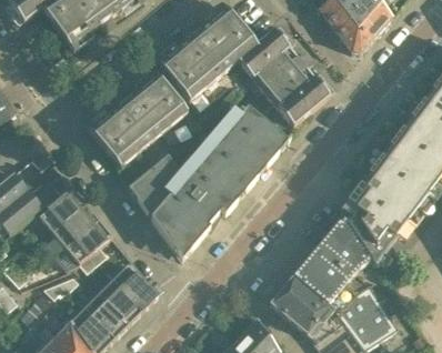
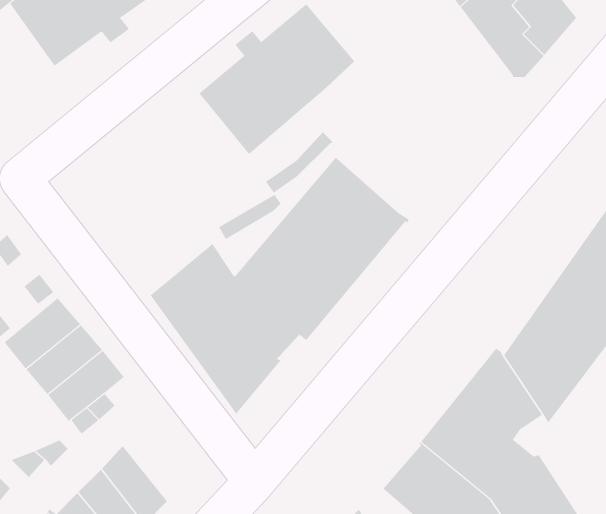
building: [237,27,329,125] -> none
building: [88,73,187,167] -> none
building: [111,260,158,313] -> none

